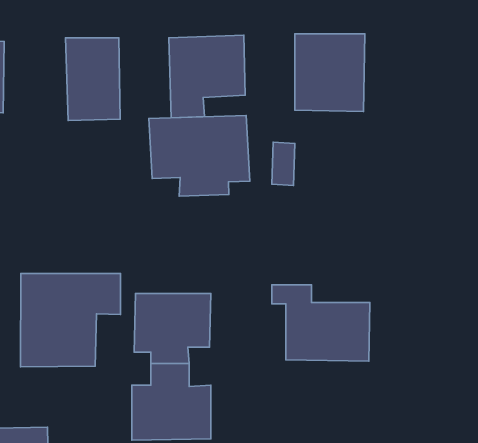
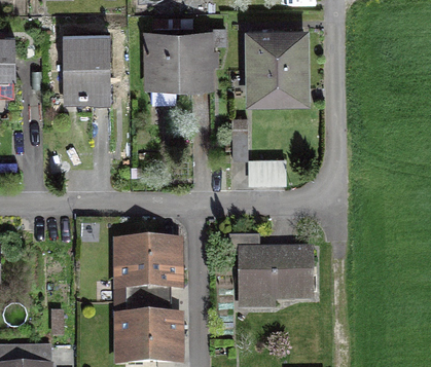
building: [149,116,250,196] -> none
building: none -> [249,160,285,186]
building: [21,273,121,367] -> none

